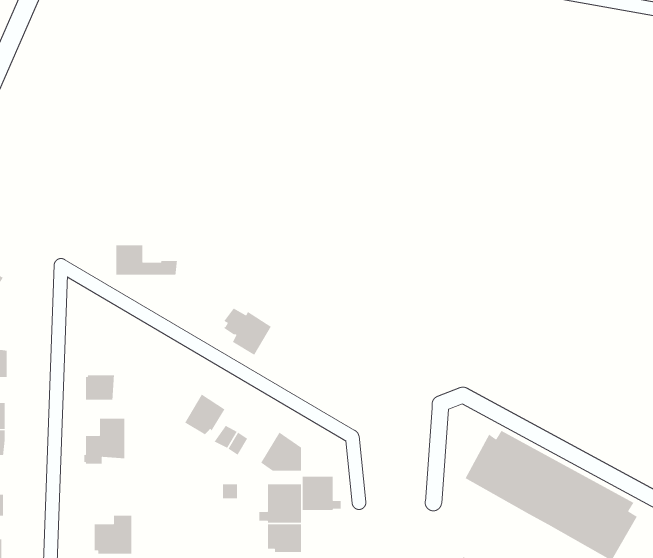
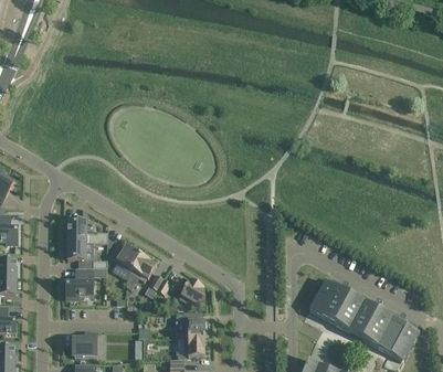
building: [115,244,178,276] -> [67,222,107,242]
building: [223,307,272,356] -> [109,242,140,273]
building: [302,476,342,511] -> none

